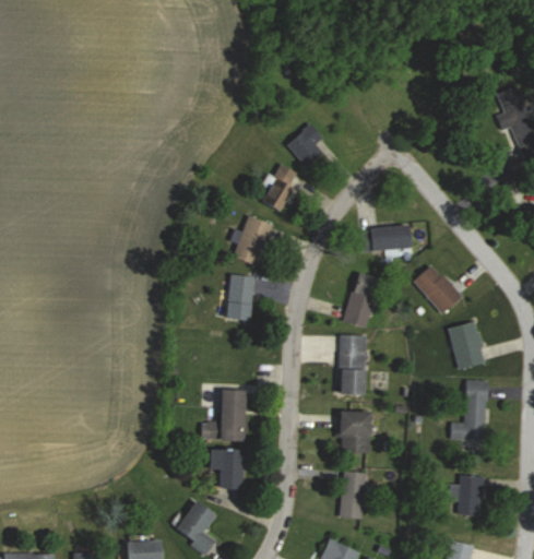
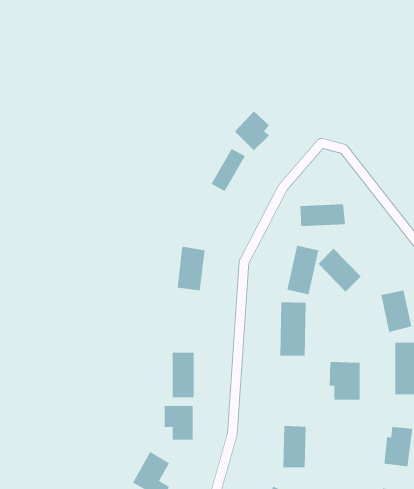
building: [234,216,274,267] -> none
building: [414,264,462,313] -> [318,248,361,292]
building: [336,411,371,453] -> [329,362,360,400]

